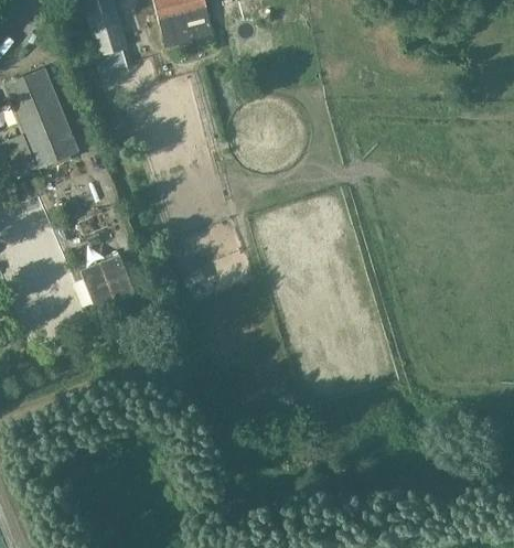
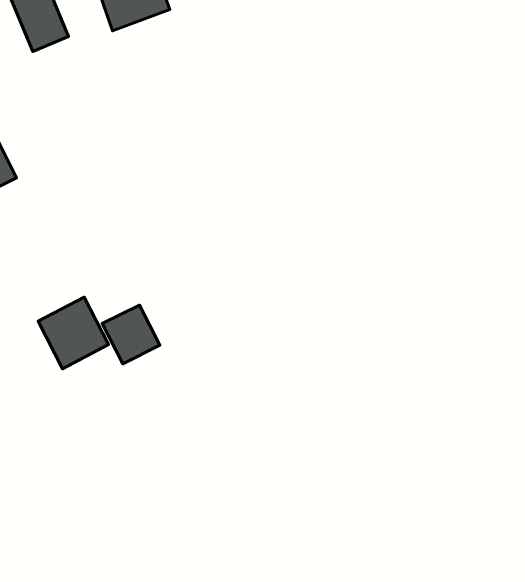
building: none -> [102,305,160,364]

